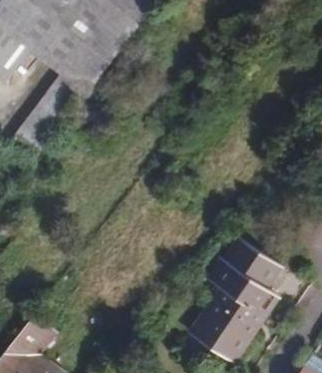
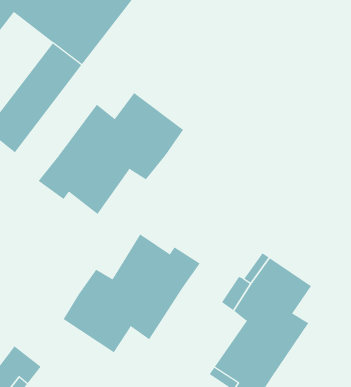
building: none -> [38,92,184,215]
building: none -> [63,234,200,353]

